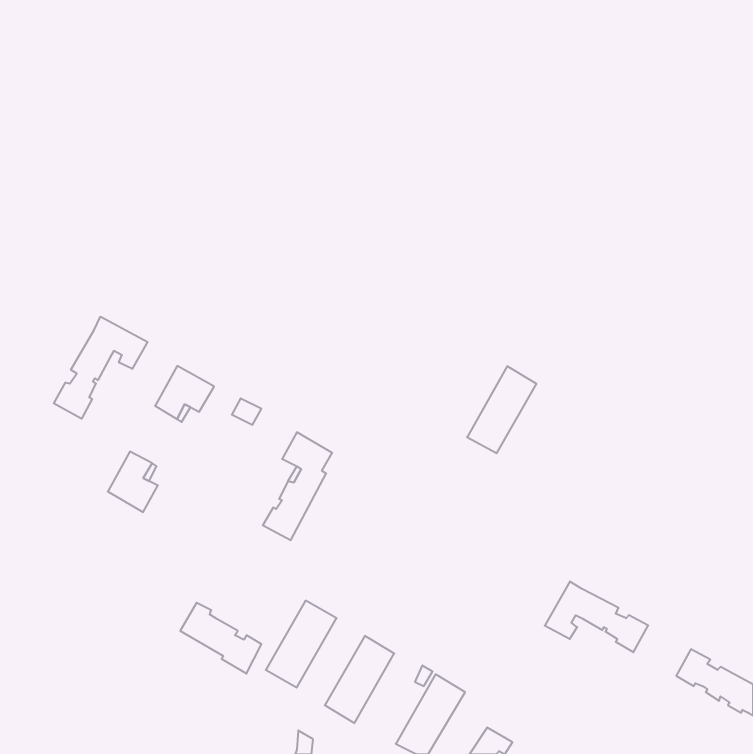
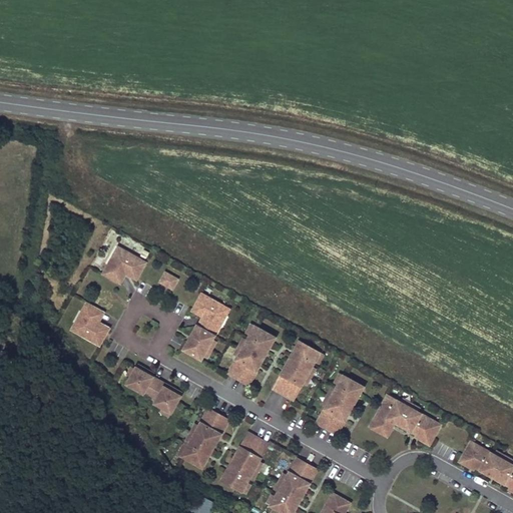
building: [54,317,148,419] -> none
building: [467,366,537,453] -> [272,341,319,400]
building: none -> [227,326,275,385]
building: none -> [316,376,363,435]
building: [180,603,261,674] -> [126,366,181,414]

